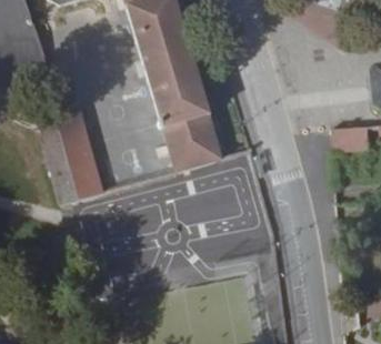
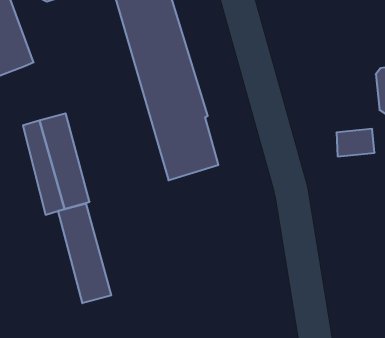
building: none -> [58,204,111,303]

